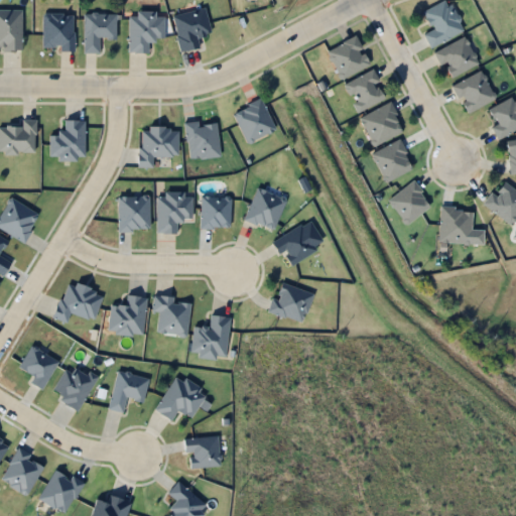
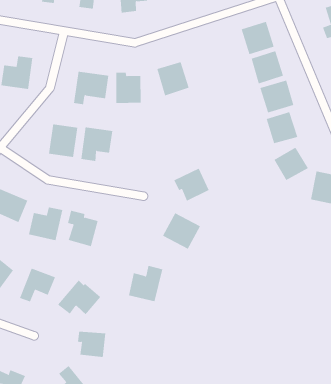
building: [245,187,286,230] -> none
building: [202,196,231,227] -> none
building: [192,314,230,357] -> [128,265,163,302]

